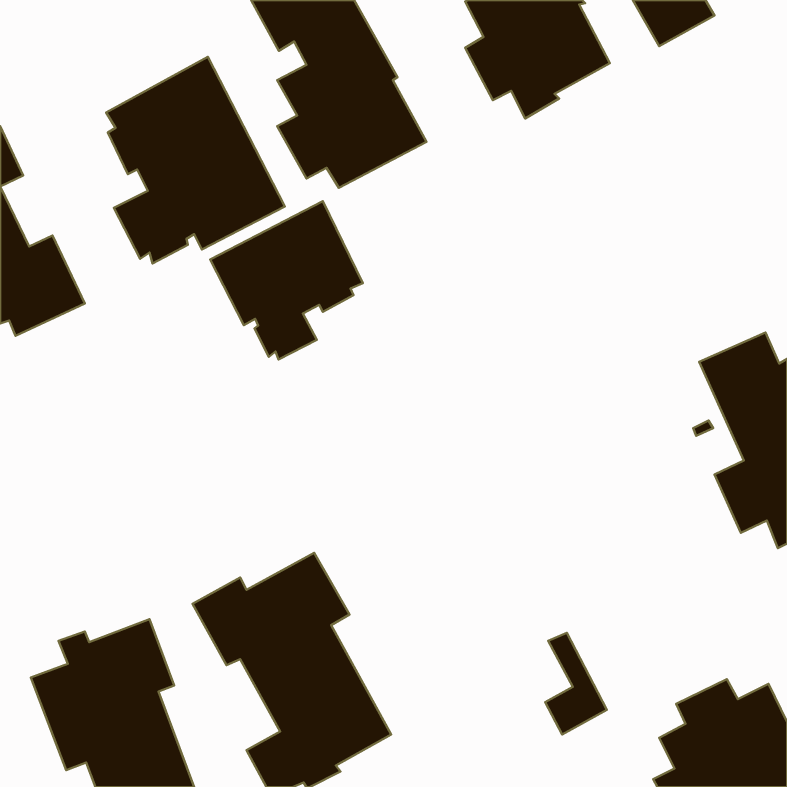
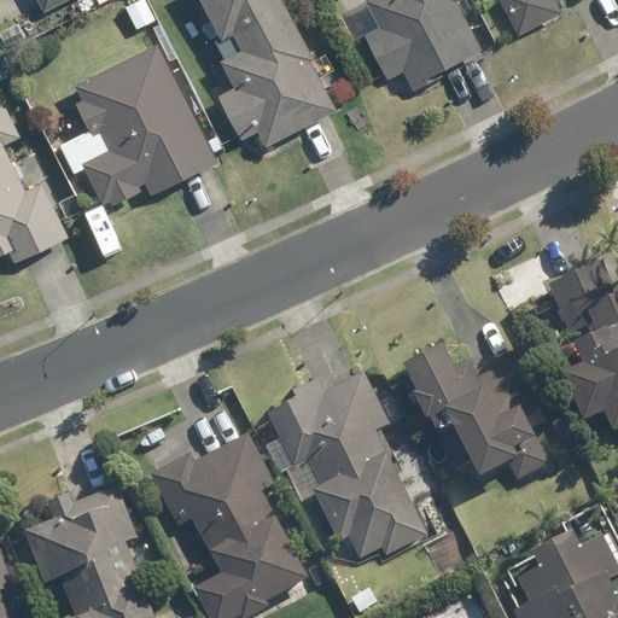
building: [210,201,363,360] -> none
building: none -> [398,342,549,480]
building: none -> [267,373,425,558]

